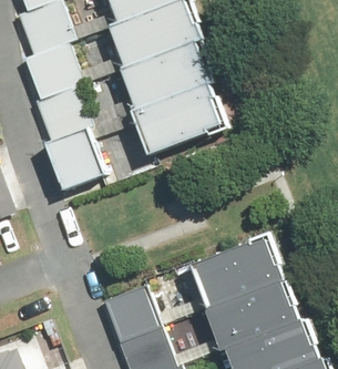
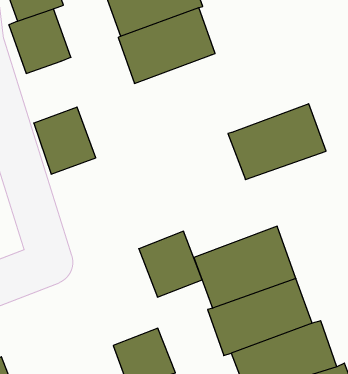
building: [134,79,222,146] -> [228,104,326,180]
building: [32,84,88,140] -> none
building: [102,279,158,338] -> [139,231,202,297]

